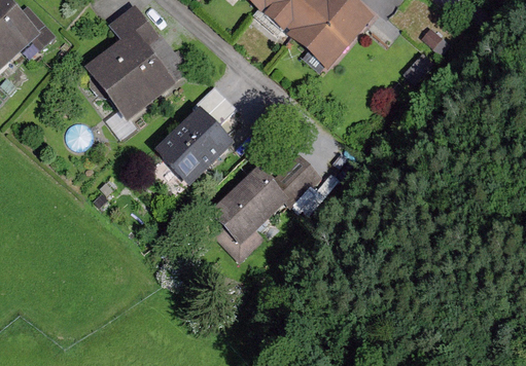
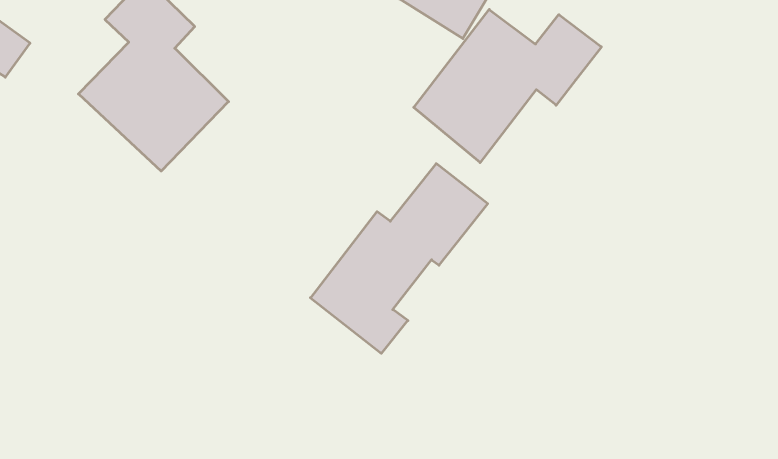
building: none -> [414,9,601,163]
building: [157,80,238,178] -> none

